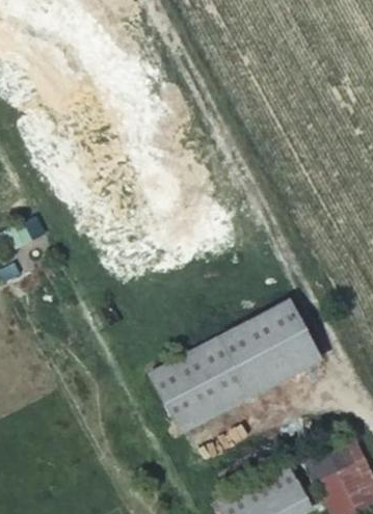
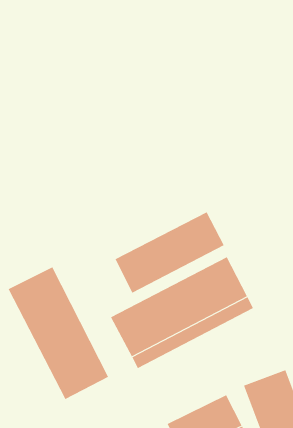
building: none -> [115,211,224,293]
building: none -> [8,267,109,400]

